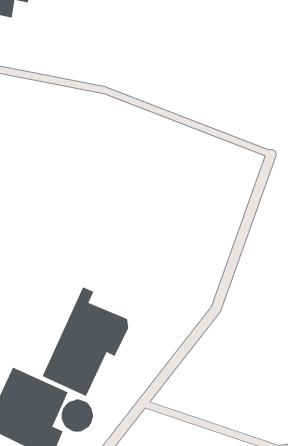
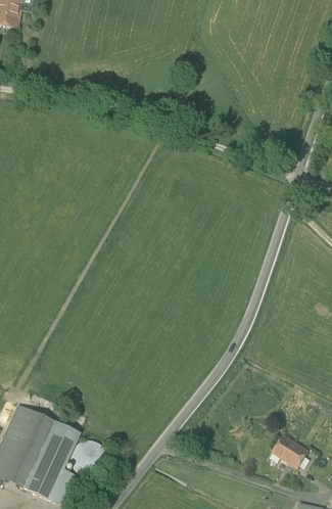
building: [42,286,129,397] -> none
building: none -> [273,435,309,468]

